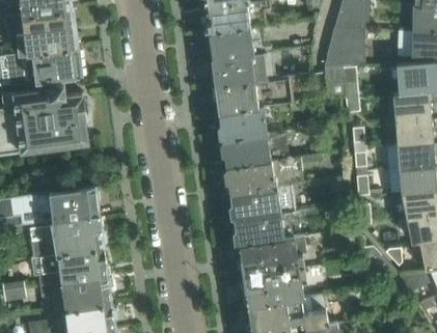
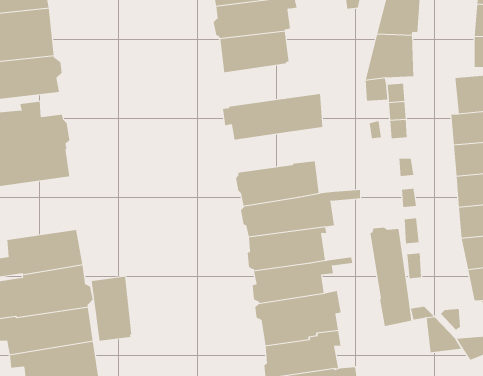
building: [211,51,275,87] -> none
building: [219,108,267,140] -> none
building: none -> [370,227,412,327]
building: none -> [91,276,132,341]

